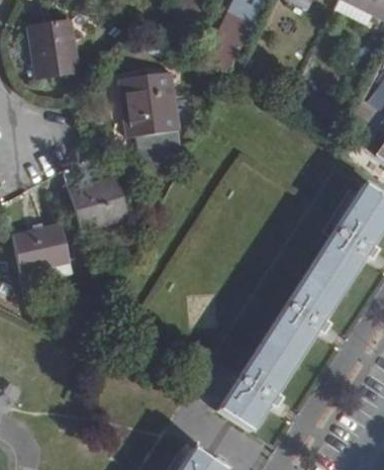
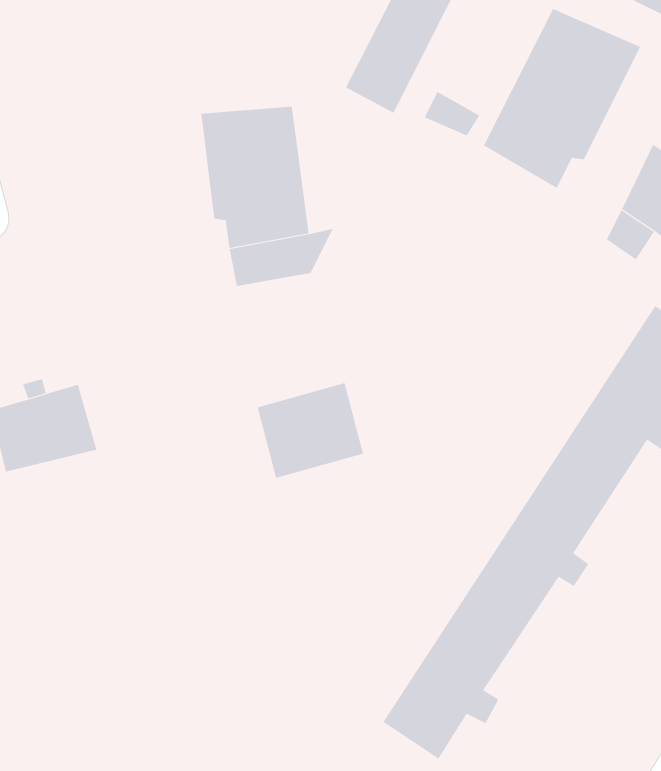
building: none -> [483,8,641,189]
building: [31,25,79,80] -> none
building: [70,175,127,226] -> [257,383,364,478]

